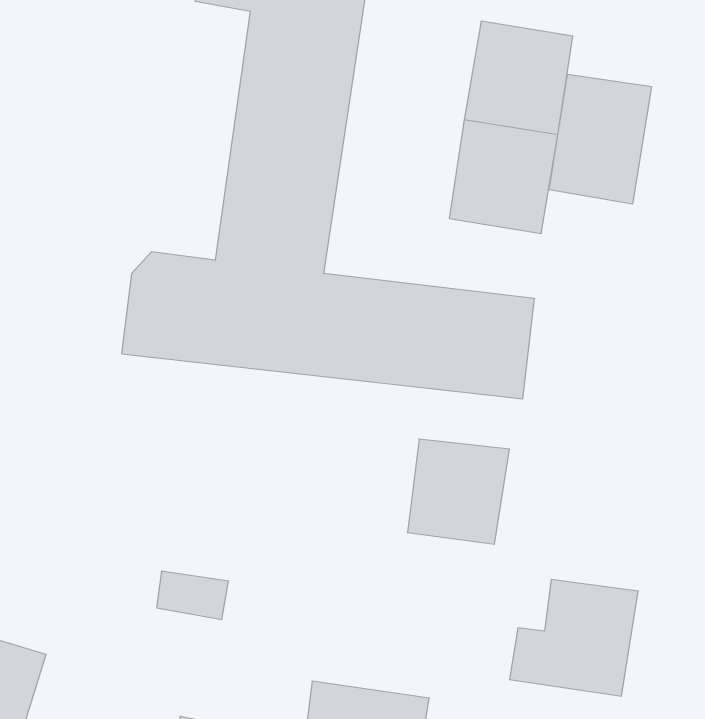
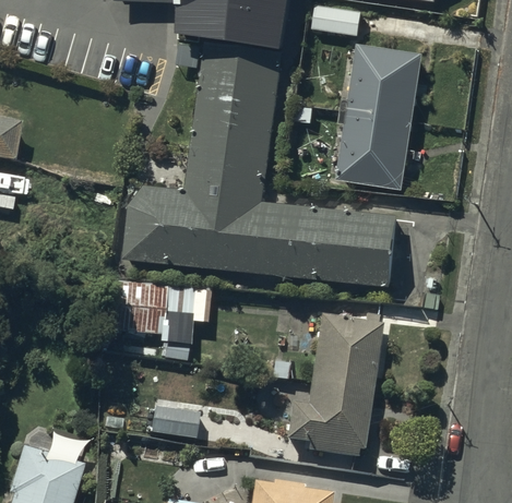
building: [549,74,651,204] -> none
building: none -> [110,283,211,336]
building: [509,579,638,696] -> [287,380,371,456]

